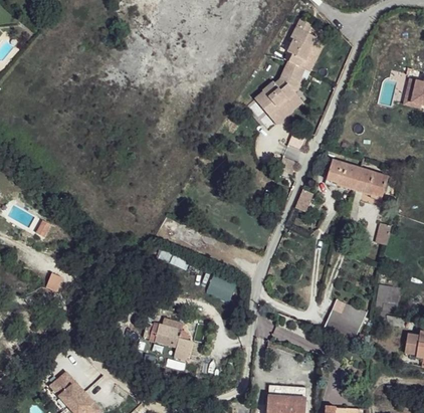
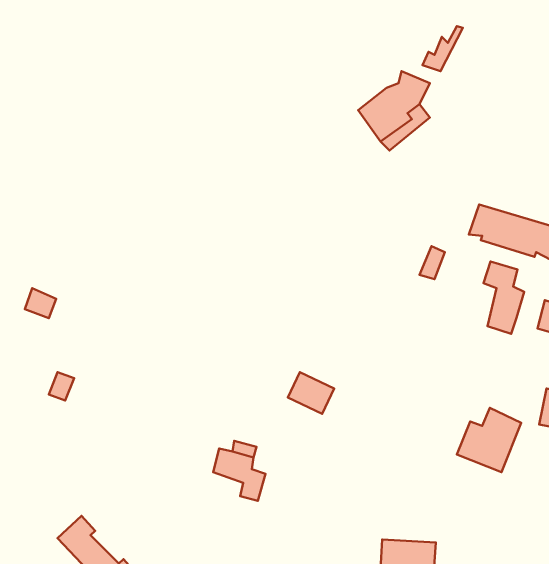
building: [287,28,320,67] -> none
building: none -> [484,261,524,334]

